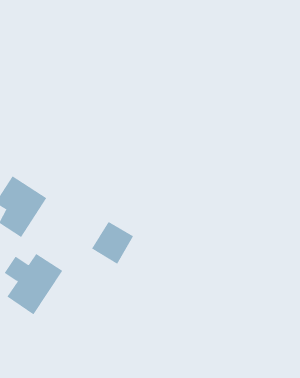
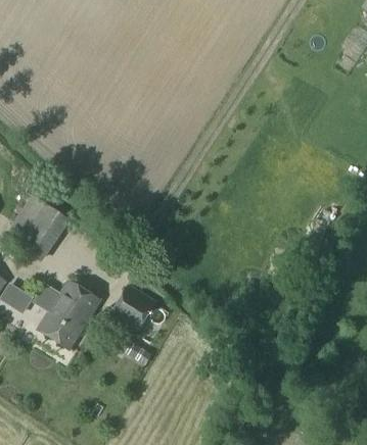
building: [91,221,134,265] -> [107,287,153,334]

